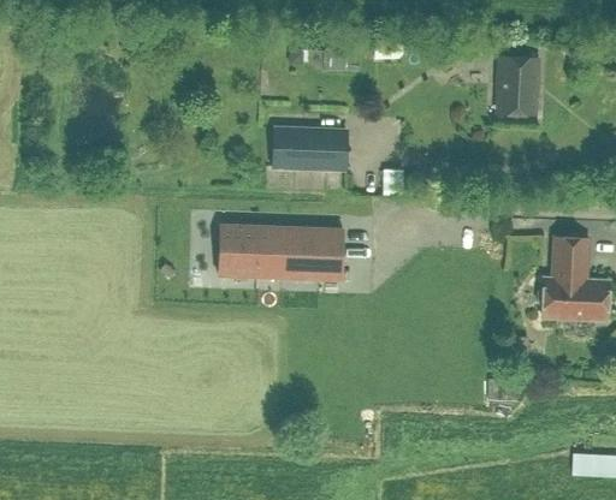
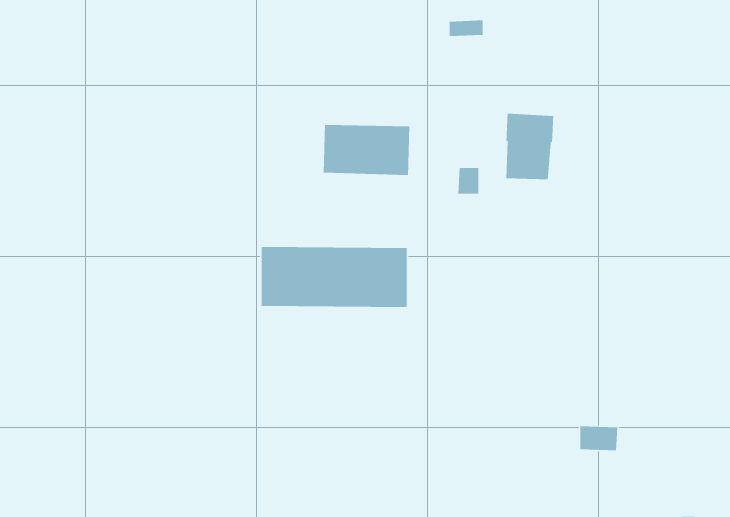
building: [498,56,539,113] -> [505,113,554,180]
building: [539,237,609,319] -> none

